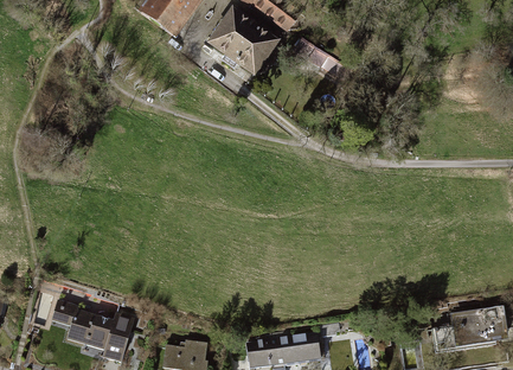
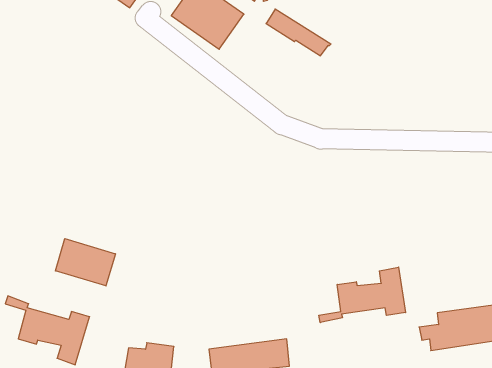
building: none -> [55,239,115,286]
building: none -> [319,267,406,323]

